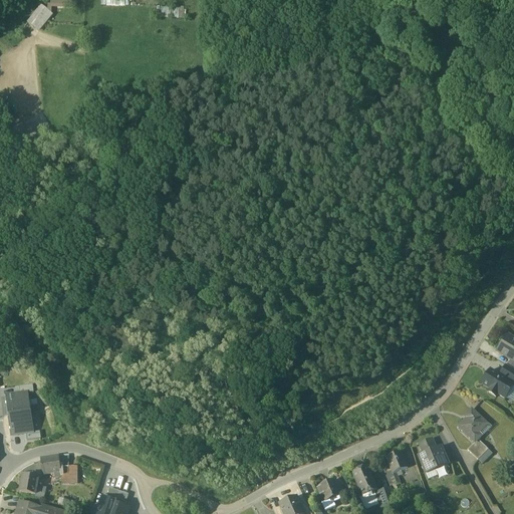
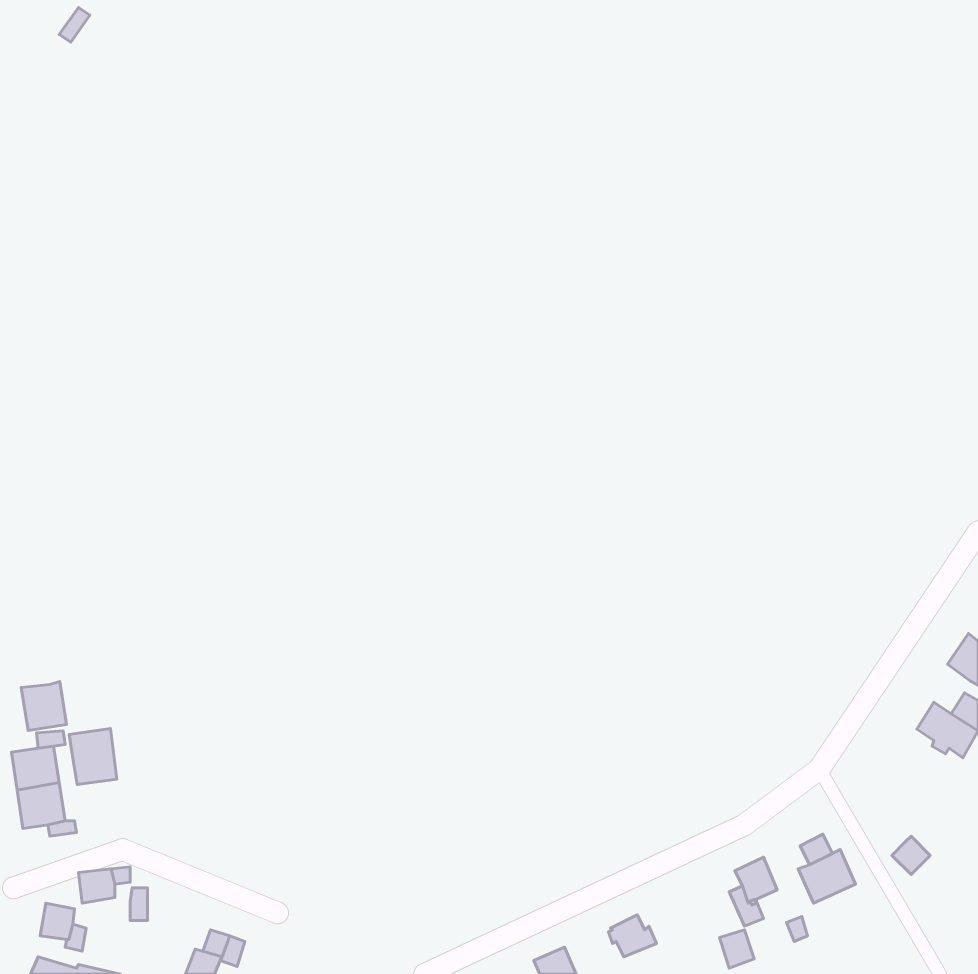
building: none -> [21,682,66,730]
building: none -> [69,728,117,785]
building: [458,408,487,442] -> none
building: [352,465,379,496] -> none

